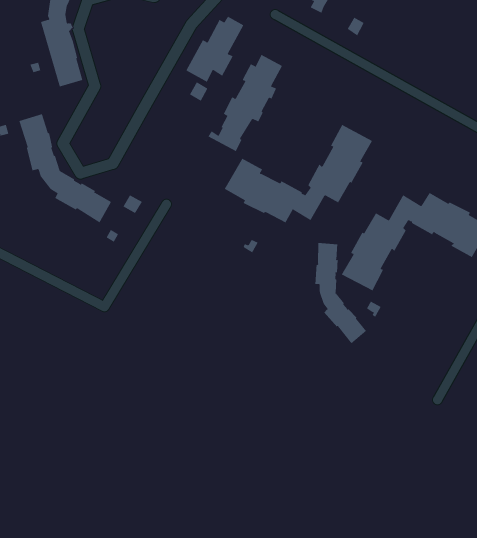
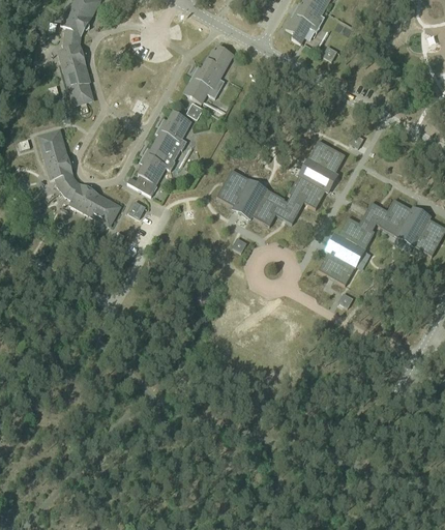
building: [208,54,283,152] -> [126,111,191,196]
building: [315,242,367,344] -> none

